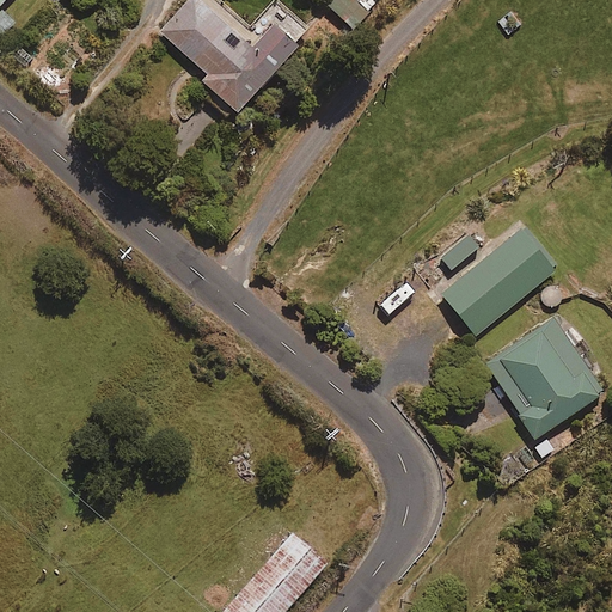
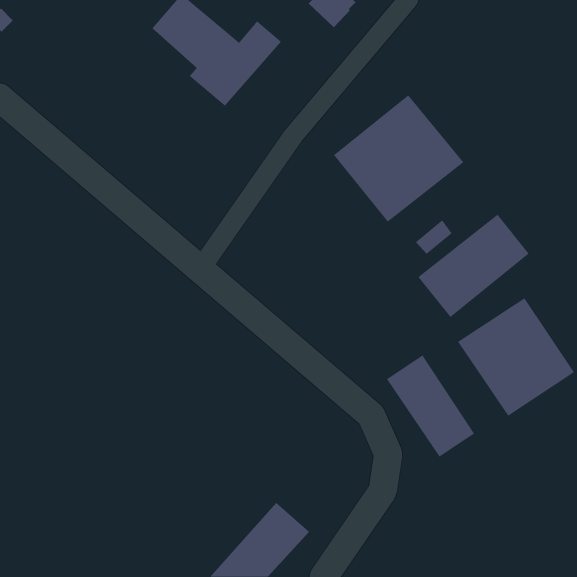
building: none -> [333,95,464,222]
building: none -> [386,355,475,458]

